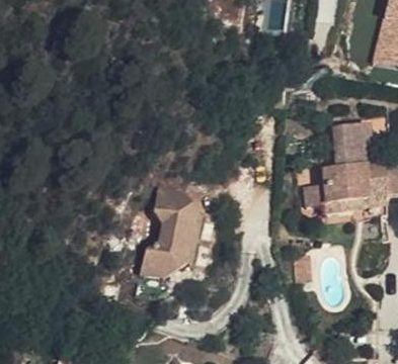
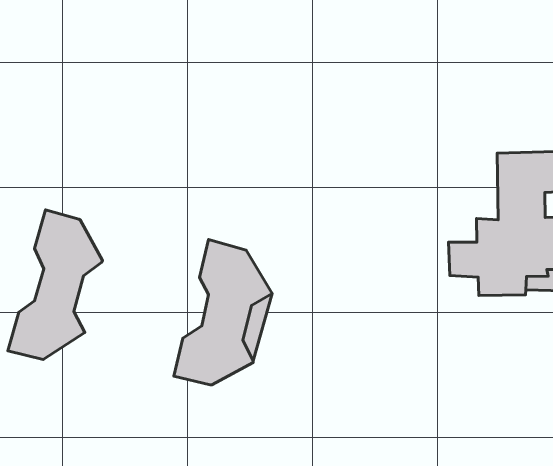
building: none -> [8,210,103,359]

